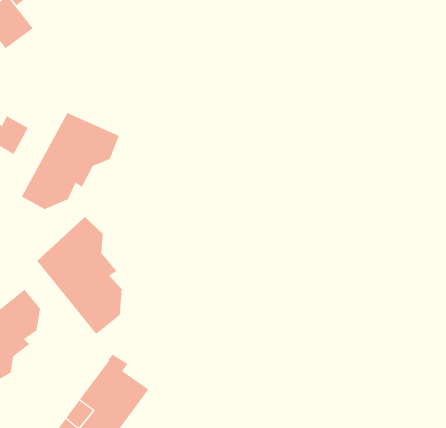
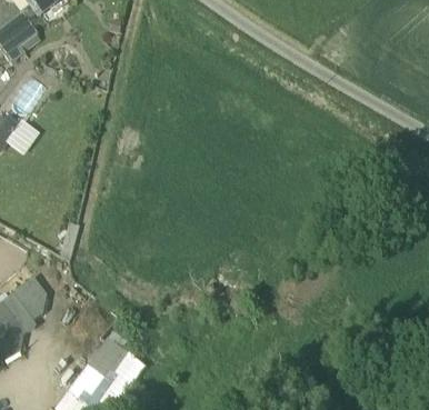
building: [21,112,120,210] -> none
building: [37,216,122,335] -> none

